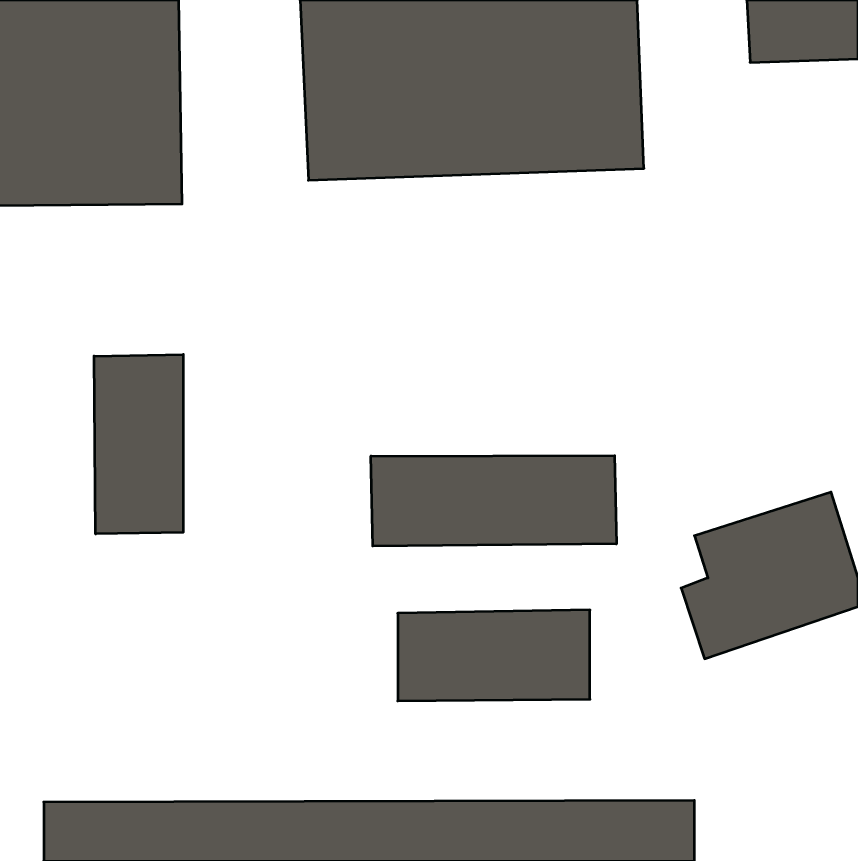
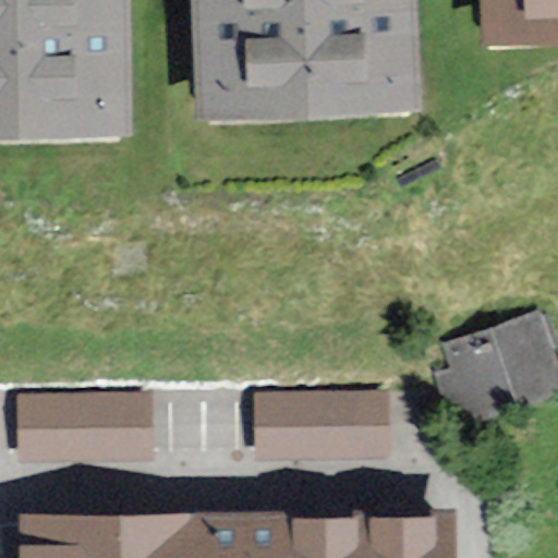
building: [94,354,183,534] -> none
building: [371,456,616,546] -> none
building: none -> [21,397,144,456]

